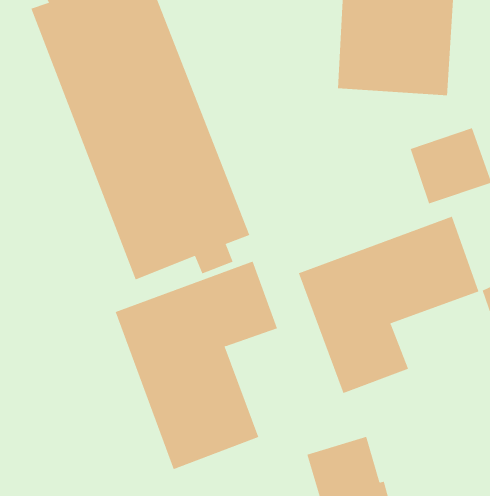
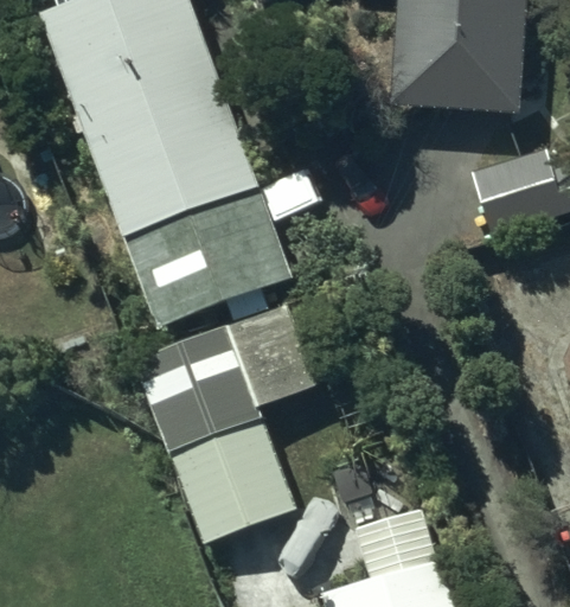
building: [298,216,479,394] -> none

